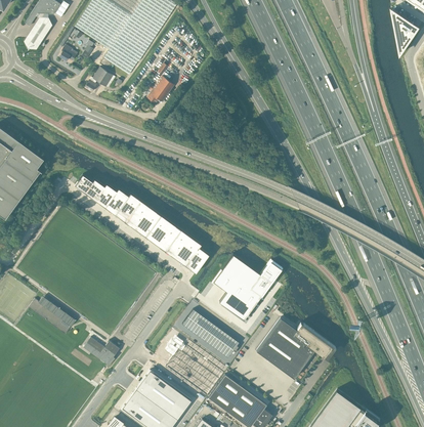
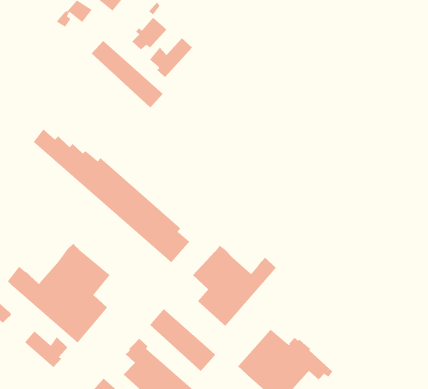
building: none -> [149,37,193,78]
building: none -> [91,40,163,109]
building: none -> [7,243,111,344]

